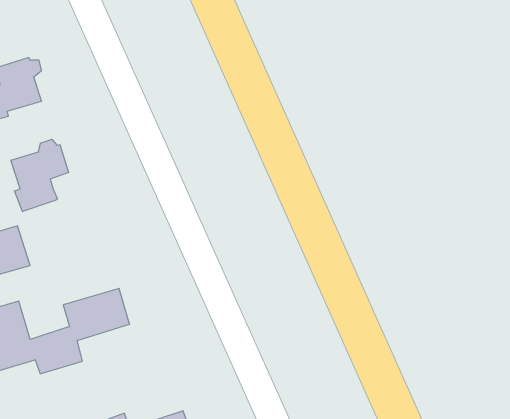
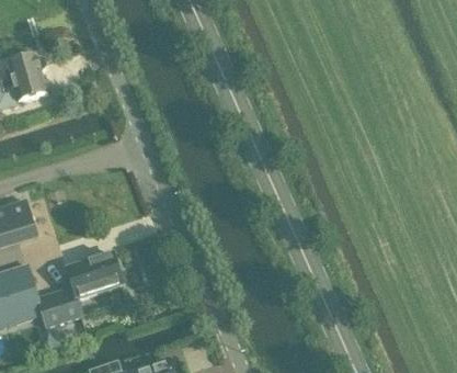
building: [11,139,68,212] -> none

